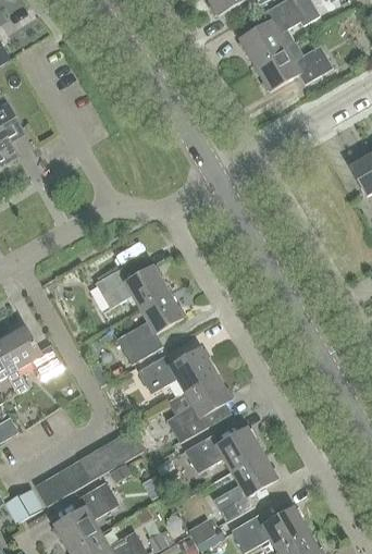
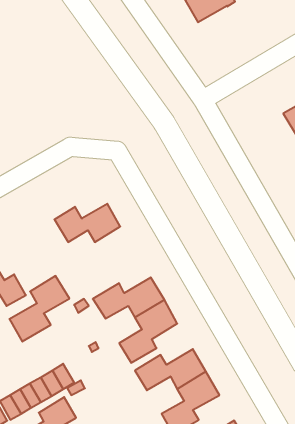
building: [253,46,332,91] -> none
building: [116,292,183,365] -> [9,276,69,342]
building: [104,429,142,465] -> none

